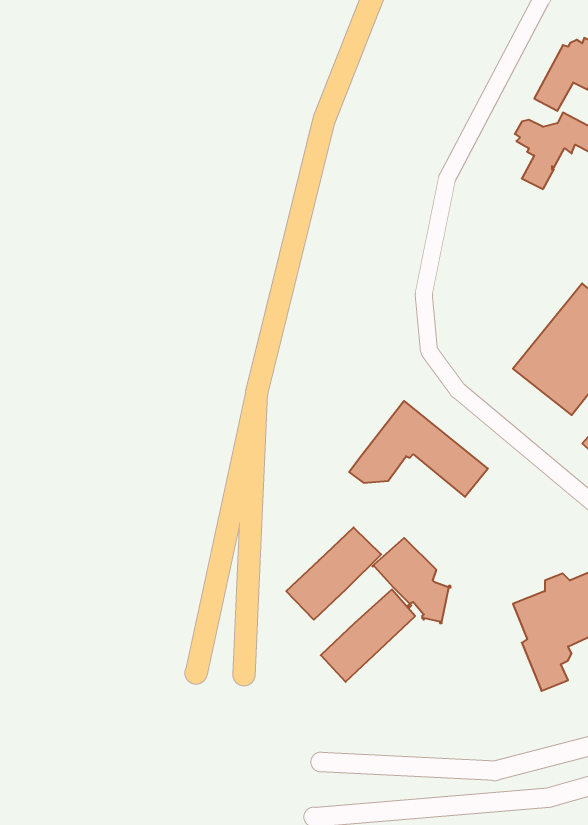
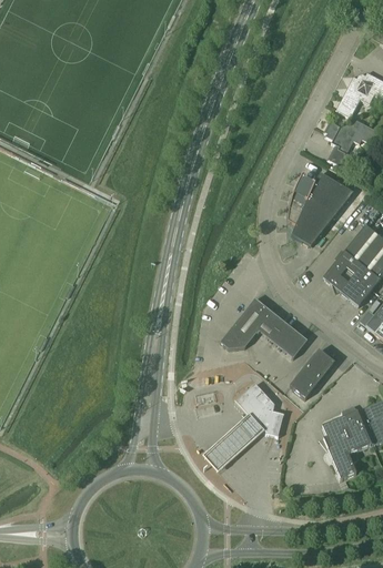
building: none -> [288,172,353,245]
building: none -> [289,348,334,397]
building: [286,527,381,620] -> none

